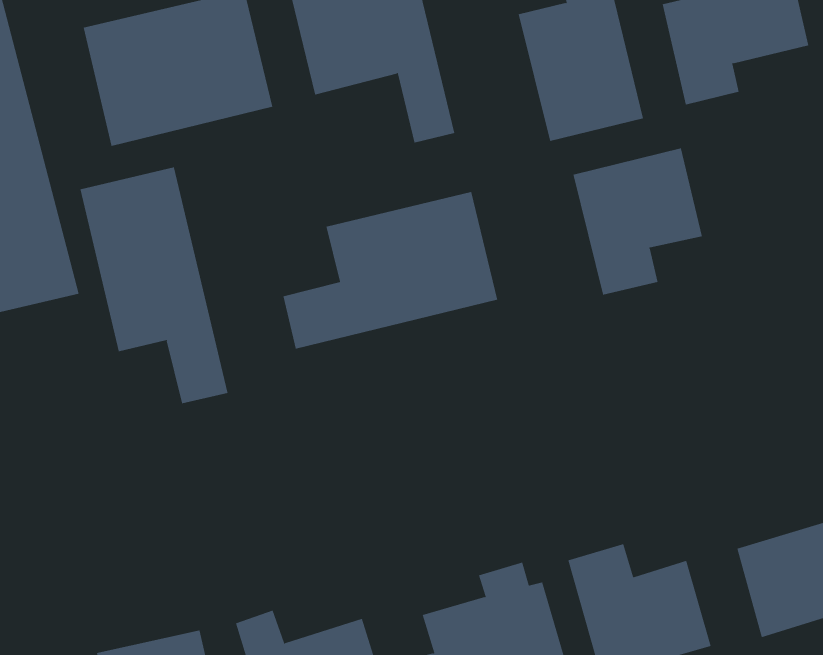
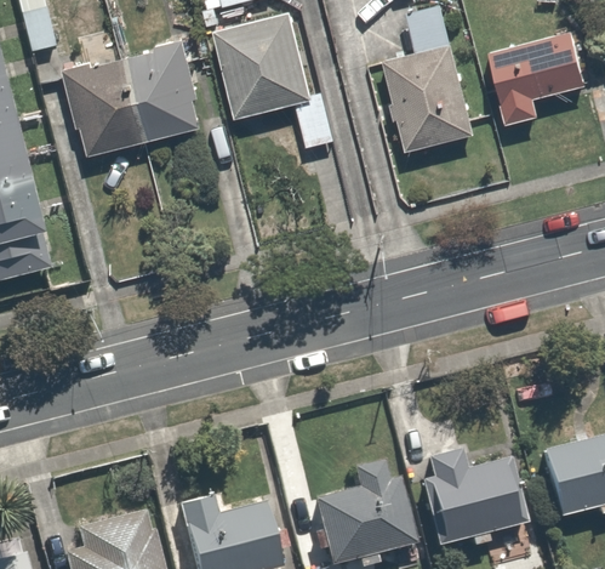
building: [573,148,703,296] -> none
building: [80,166,228,404] -> none
building: [283,191,498,350] -> none

